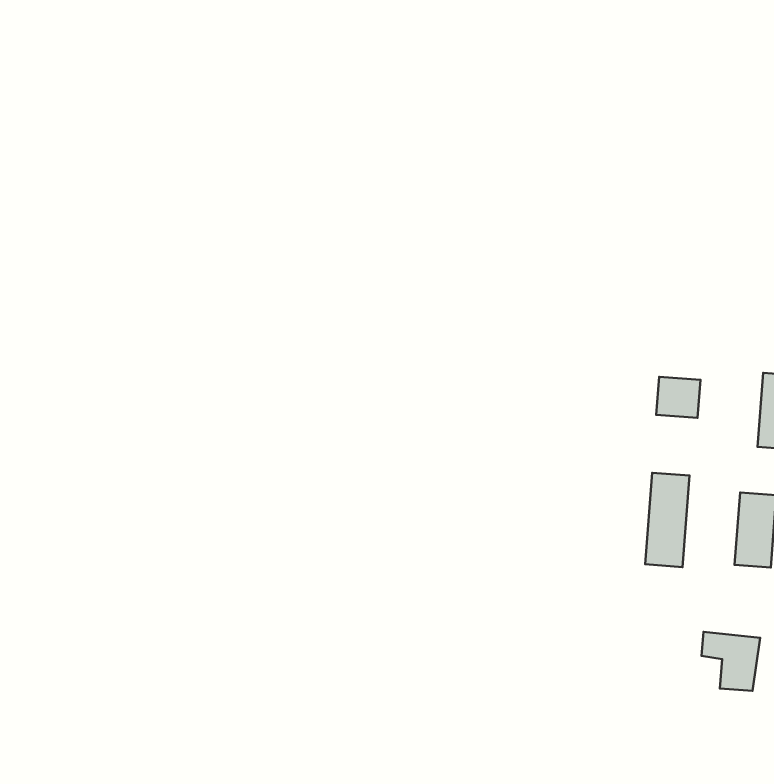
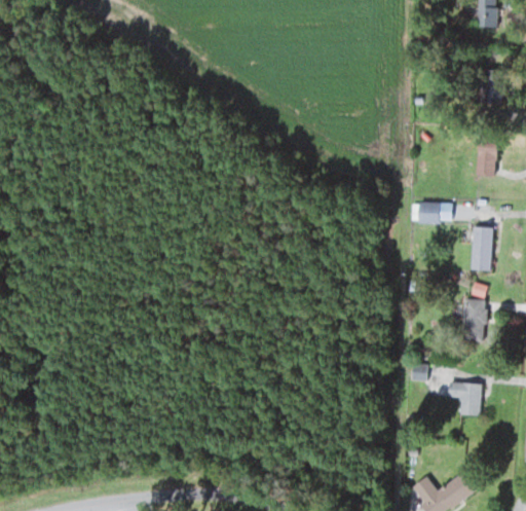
building: [656,377,700,418] -> [416,200,441,223]
building: [645,473,689,567] -> none

